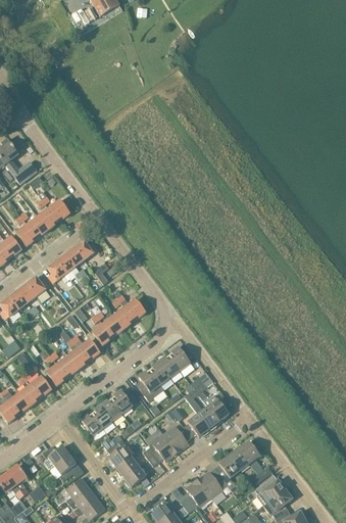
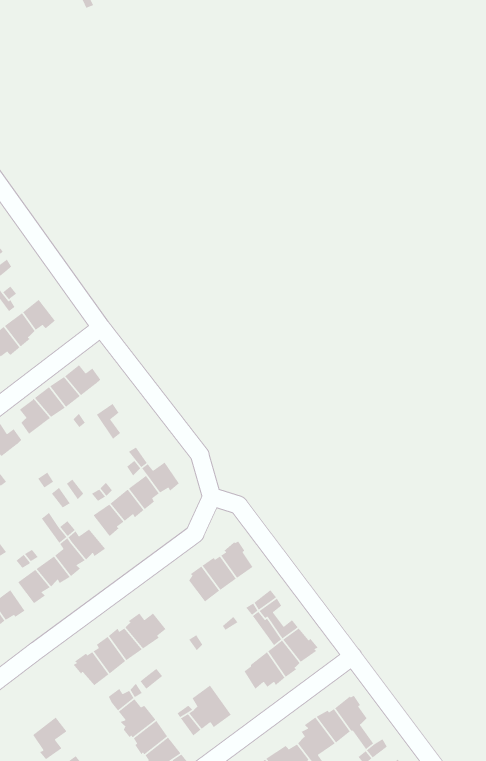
building: [136,371,160,400] -> none
building: [162,425,190,453] -> none
building: [41,444,68,468] -> none

